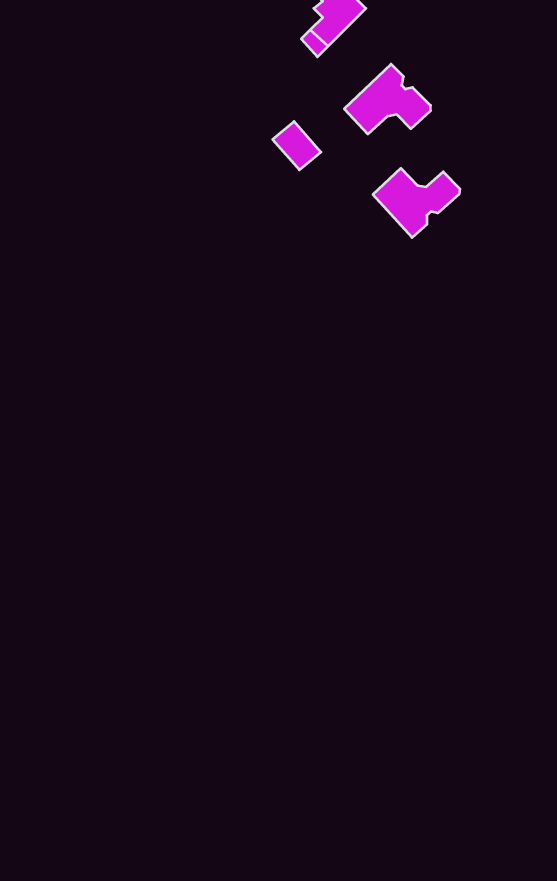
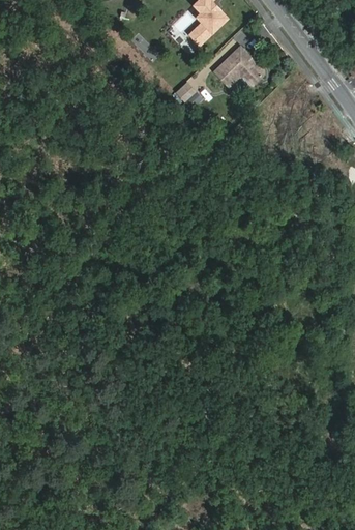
building: [373,168,460,238] -> none

